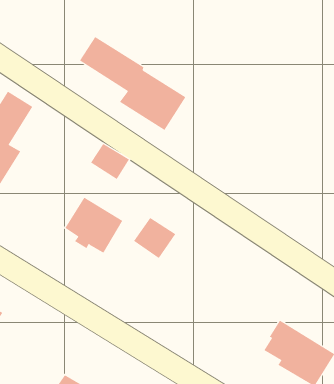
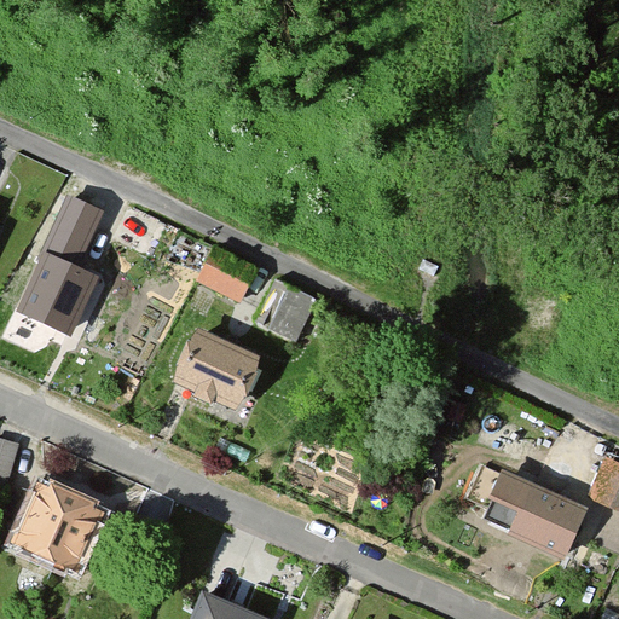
building: [79,36,186,131] -> none
building: [133,217,176,259] -> [256,283,317,341]

